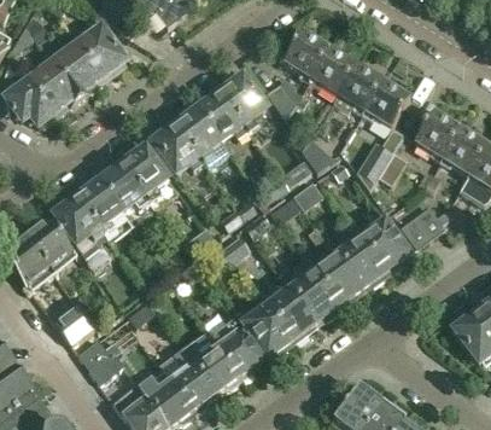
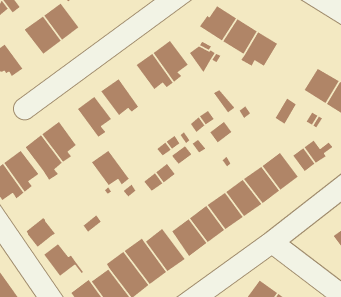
building: [29,60,78,111] -> none
building: [364,79,410,126] -> none
building: [176,106,229,165] -> none
building: [357,139,393,187] -> none
building: [99,163,150,210] -> [91,150,130,186]

